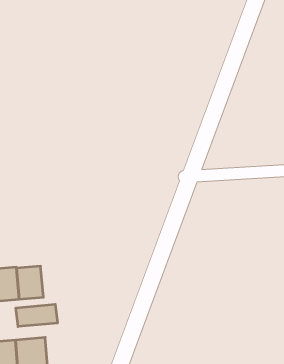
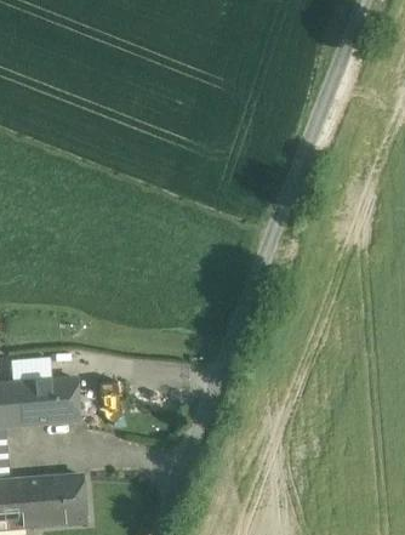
building: [16,304,57,327] -> none

